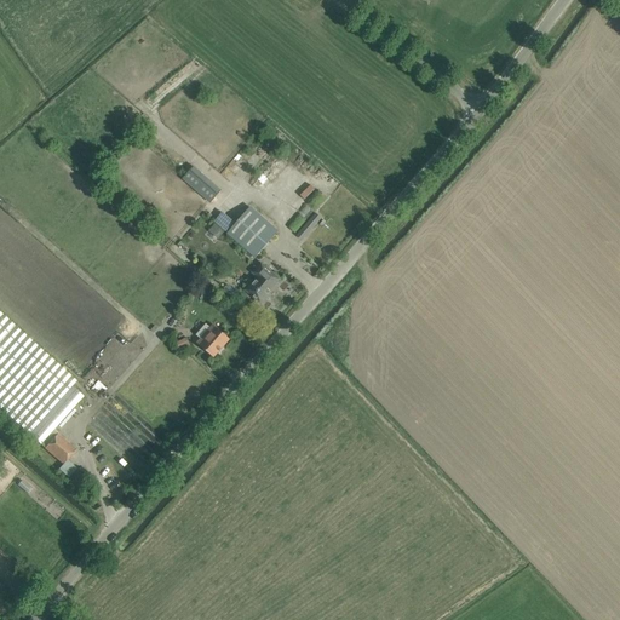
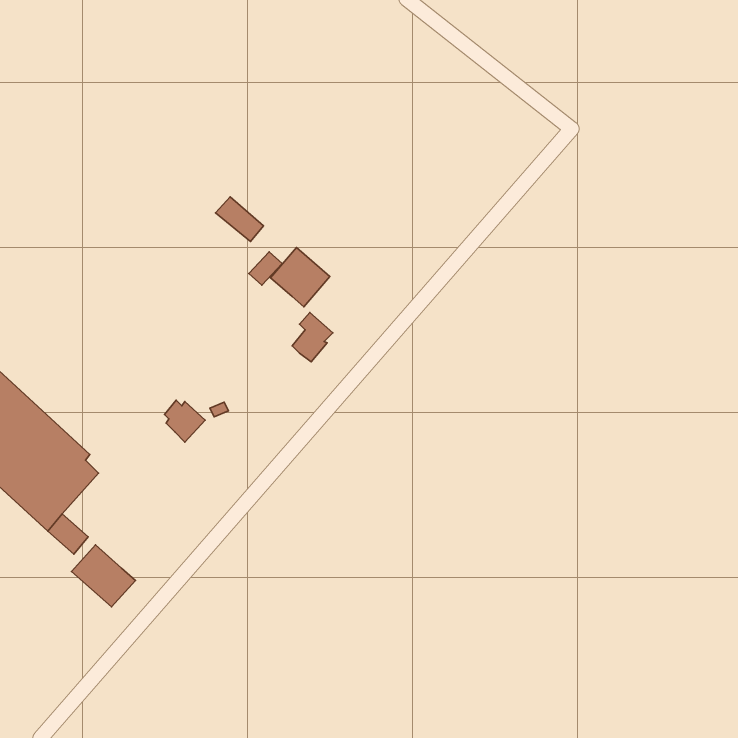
building: [195,322,229,357] -> [165,400,205,442]
building: none -> [72,545,135,607]

